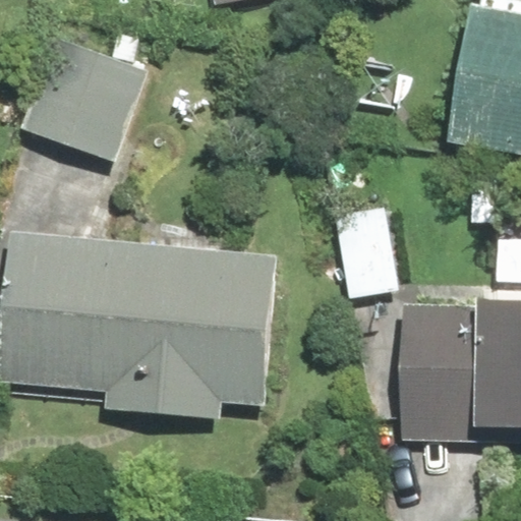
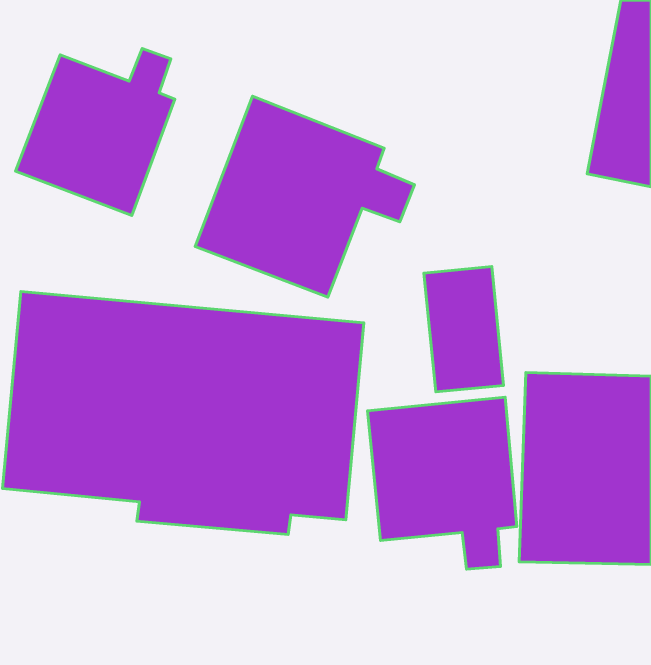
building: none -> [195,96,415,297]
building: none -> [368,397,517,569]

